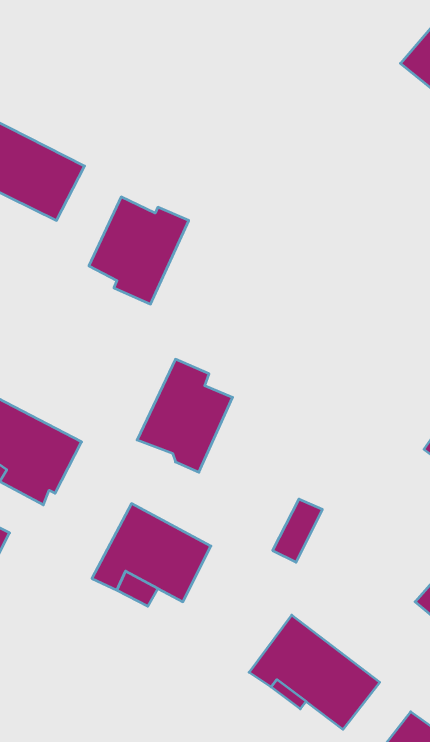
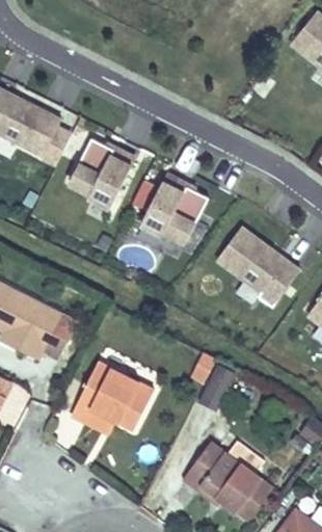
building: none -> [215,227,303,313]
building: [137,359,233,472] -> [140,175,208,255]

